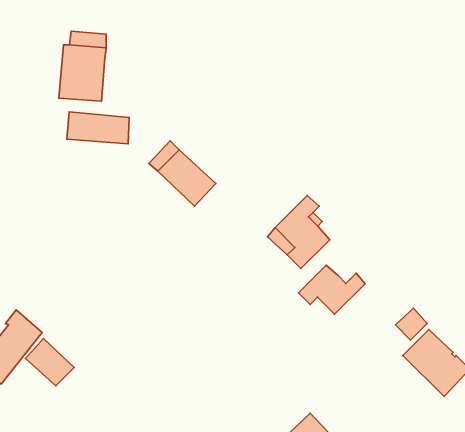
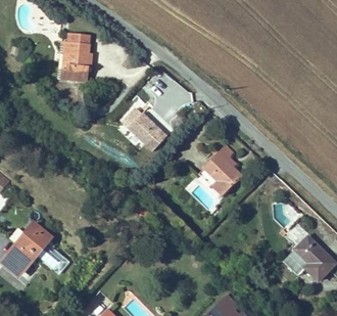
building: [67,112,129,144] -> none
building: [299,265,365,314] -> none

